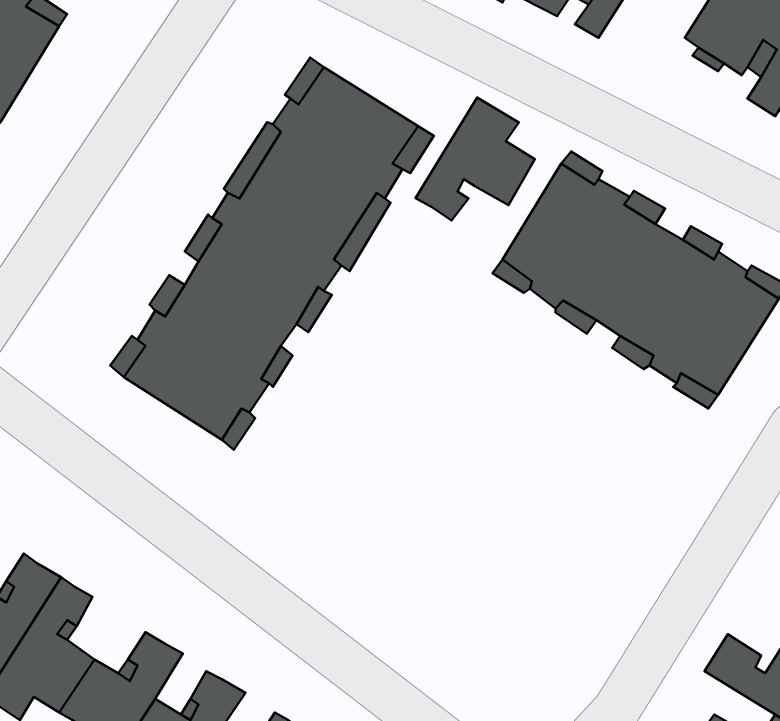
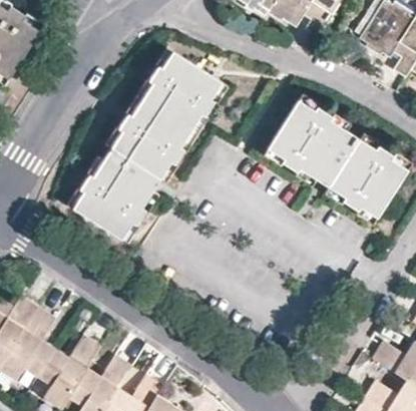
building: [416,98,535,220] -> none

